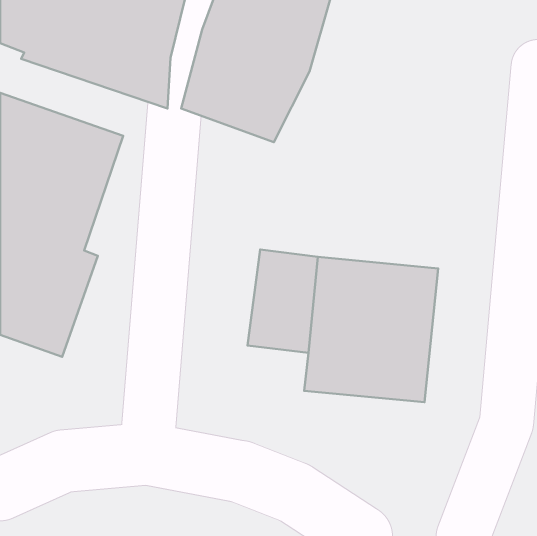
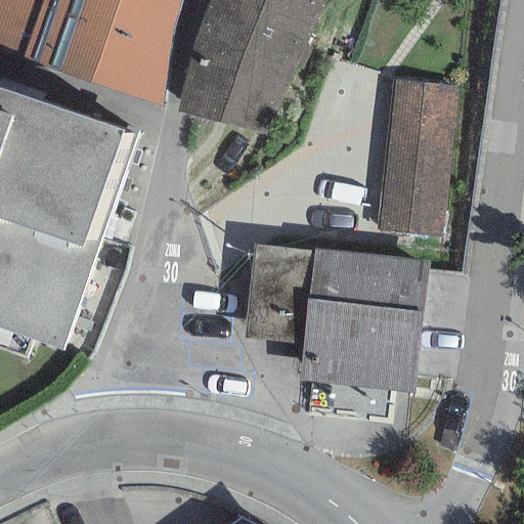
building: none -> [378,78,460,236]

